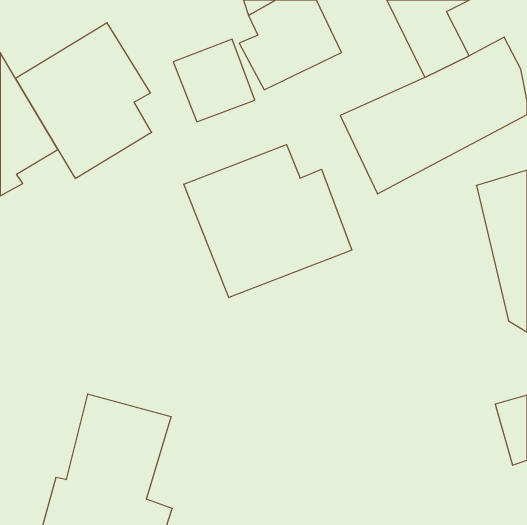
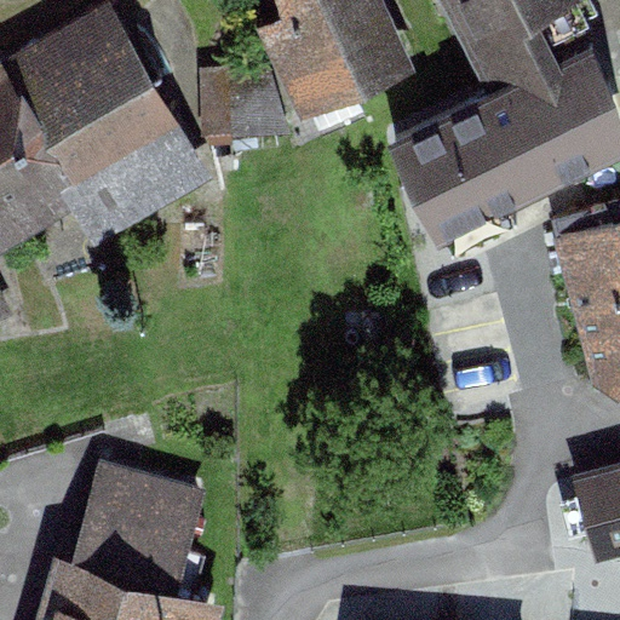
building: [184,145,352,298] -> none

